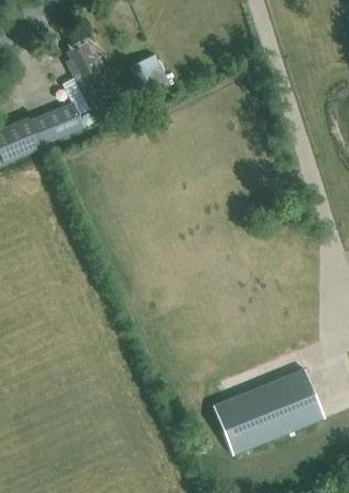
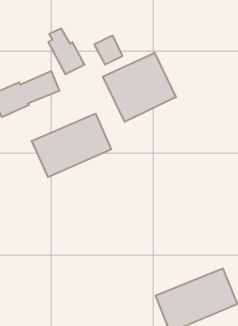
building: none -> [103,53,176,122]
building: none -> [32,114,111,177]

